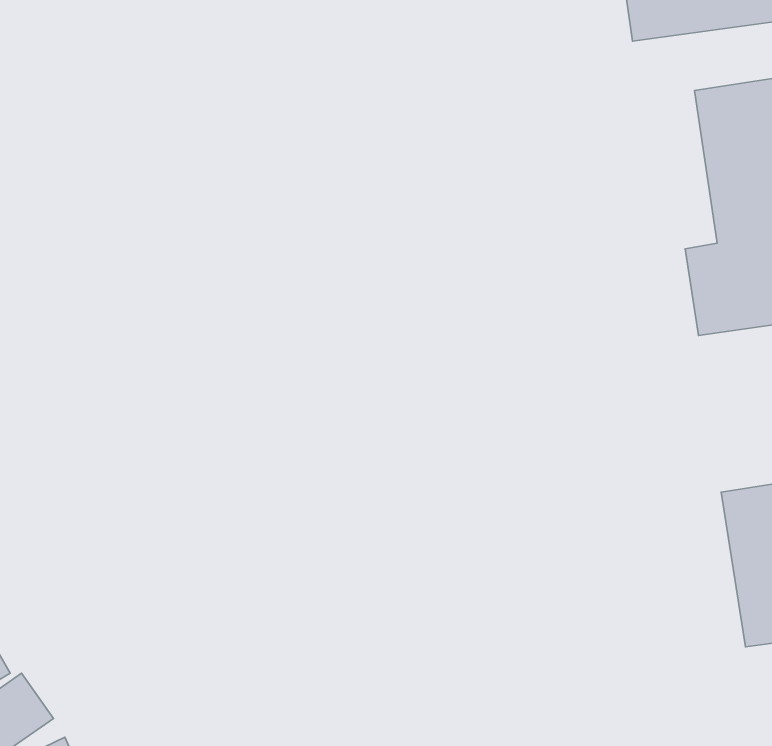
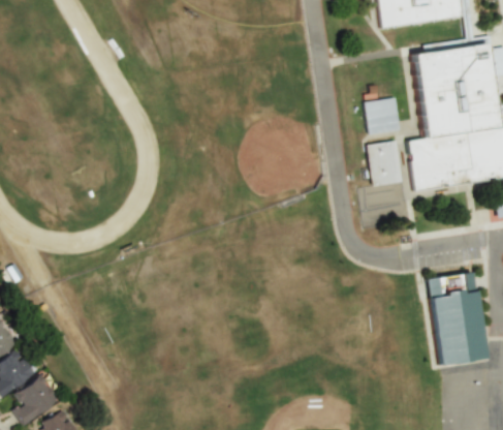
building: none -> [365,95,402,132]
building: none -> [367,139,402,184]

